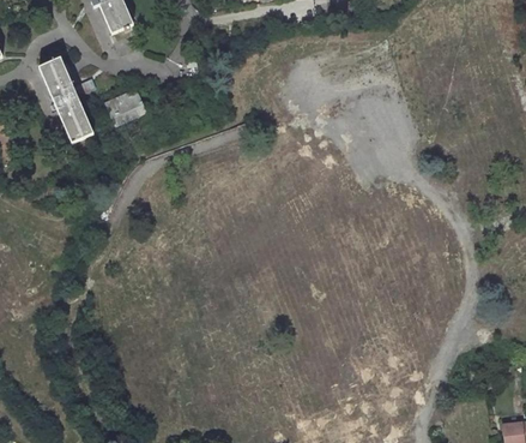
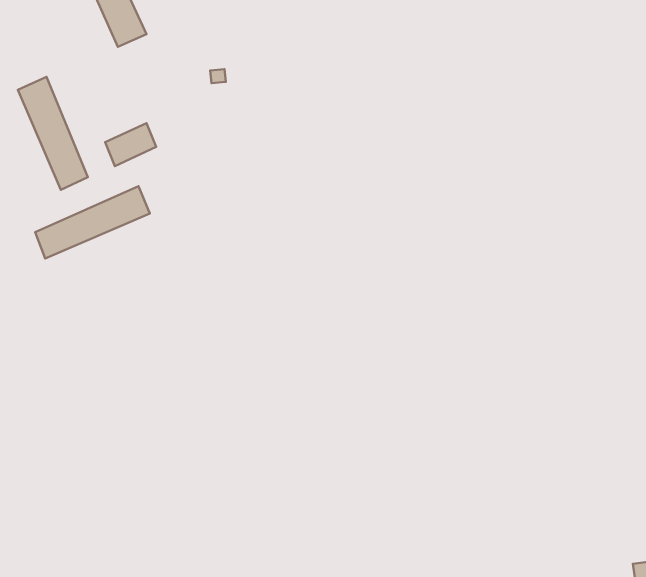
building: none -> [35,186,150,258]

